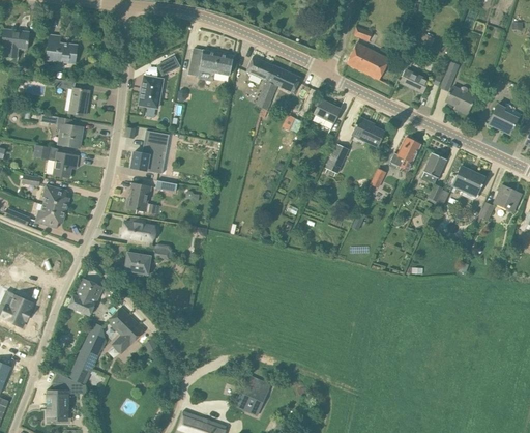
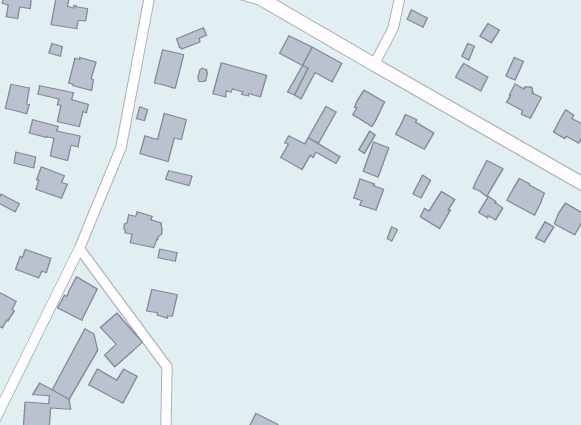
building: [346,42,389,80] -> none
building: [187,48,233,77] -> [213,63,267,97]
building: none -> [6,84,29,114]
building: [390,138,419,170] -> [420,192,455,229]
building: none -> [281,136,340,169]
building: none -> [354,179,383,210]
building: [125,182,160,214] -> none
building: [35,204,65,228] -> [16,250,51,278]
building: [124,252,150,276] -> [147,290,177,318]
building: none -> [89,369,137,403]

